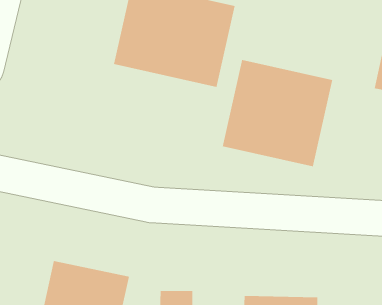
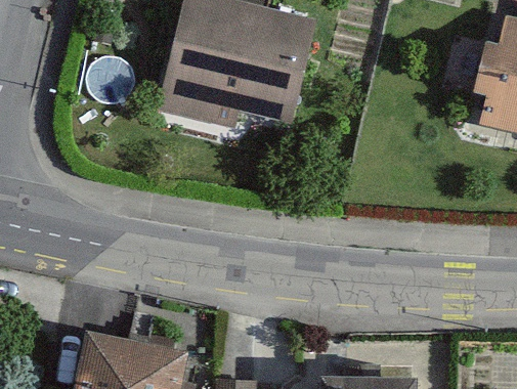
building: [222,59,333,167] -> none

